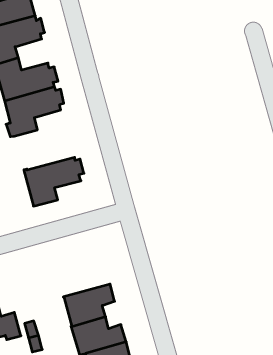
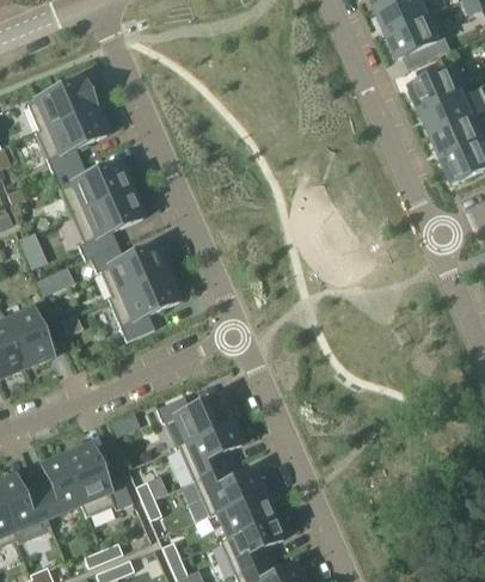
building: none -> [90,245,170,296]
building: none -> [156,394,235,447]

